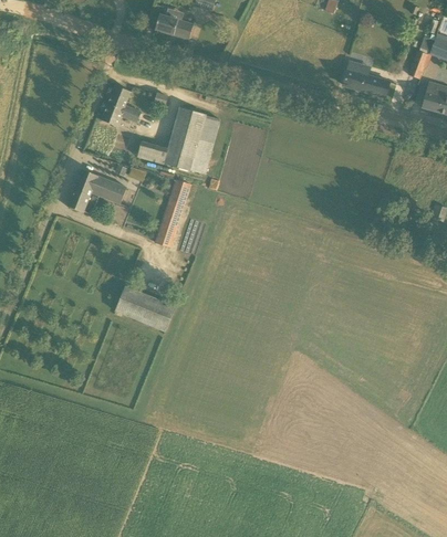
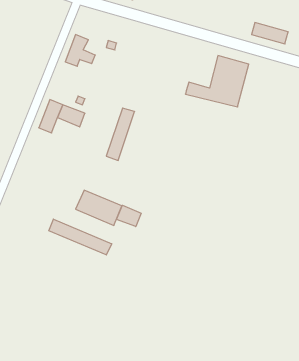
building: [137,107,219,173] -> [185,56,249,107]
building: none -> [116,205,141,227]
building: none -> [49,219,112,255]

